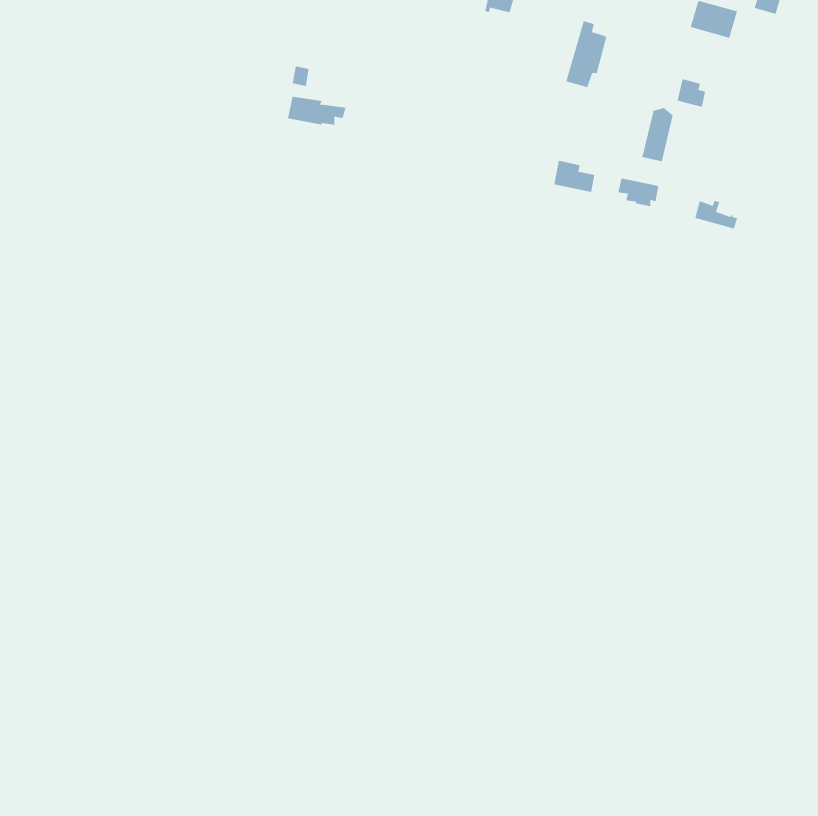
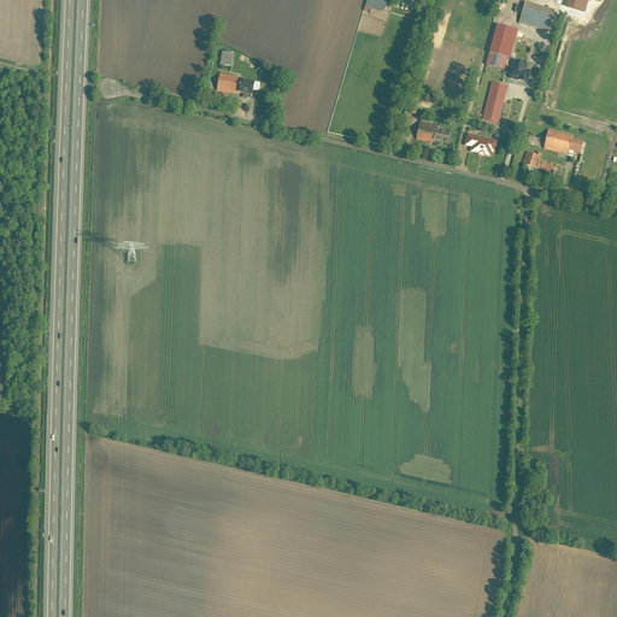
building: [565,21,607,88] -> [486,17,517,67]
building: none -> [542,128,582,153]

